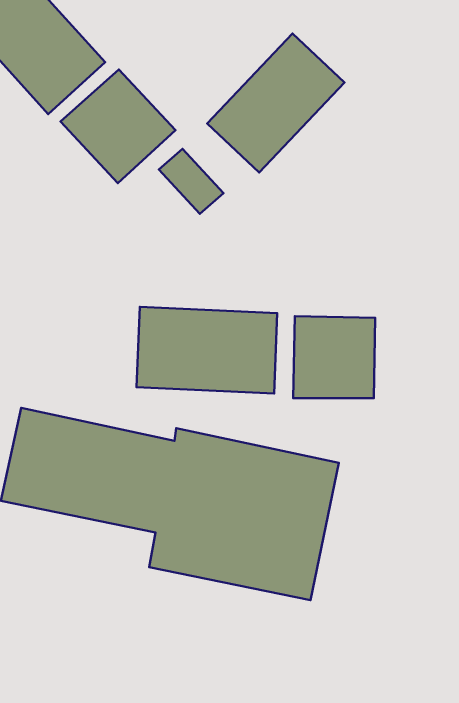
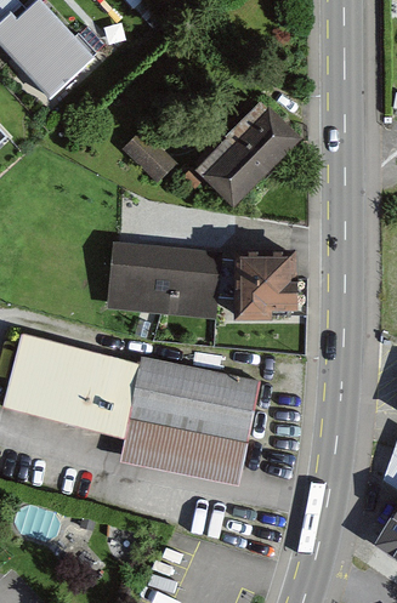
building: [207,34,345,173] -> [189,108,295,215]
building: [60,69,175,183] -> none

